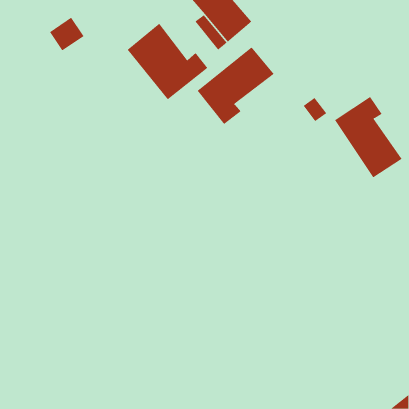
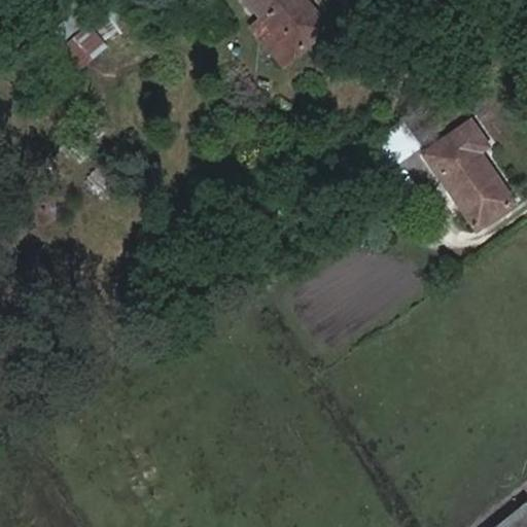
building: [127,23,208,100] -> none
building: [197,46,274,125] -> none

